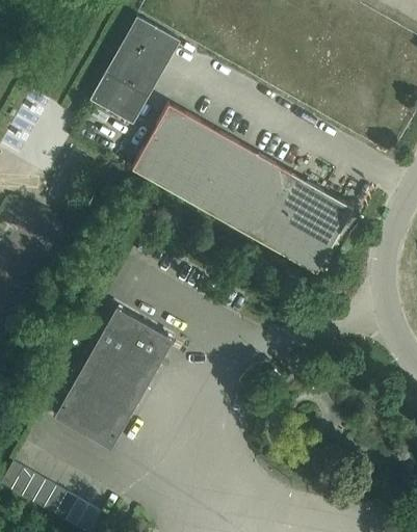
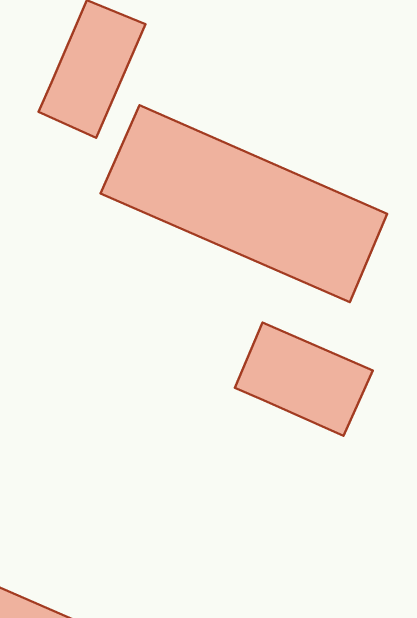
building: none -> [235,322,373,436]
building: [54,309,172,449] -> none

